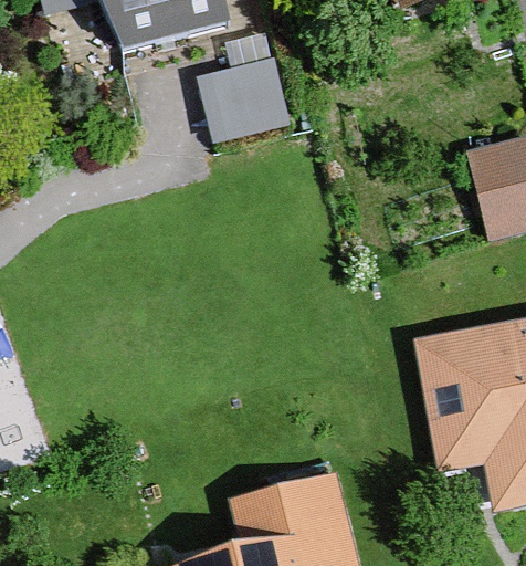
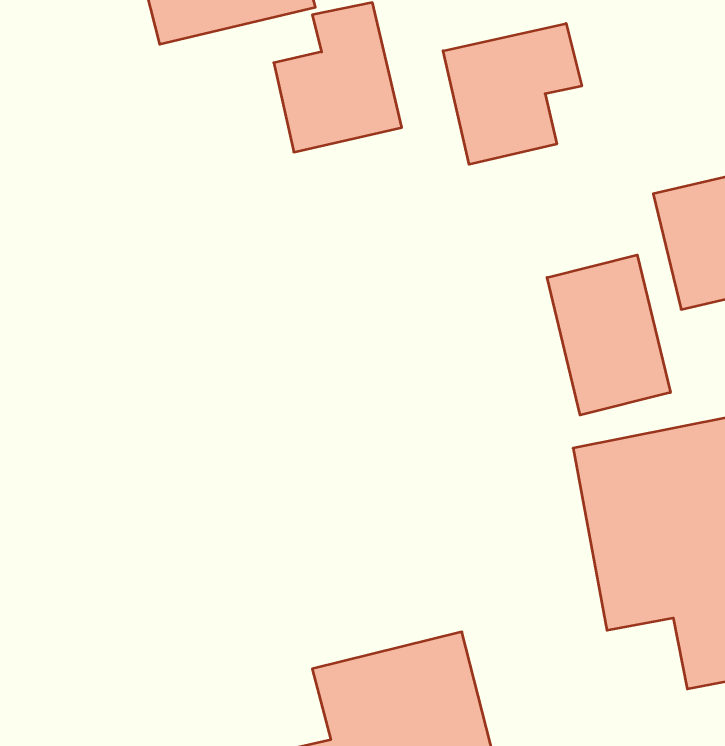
building: none -> [443,23,582,164]
building: none -> [547,255,670,415]

